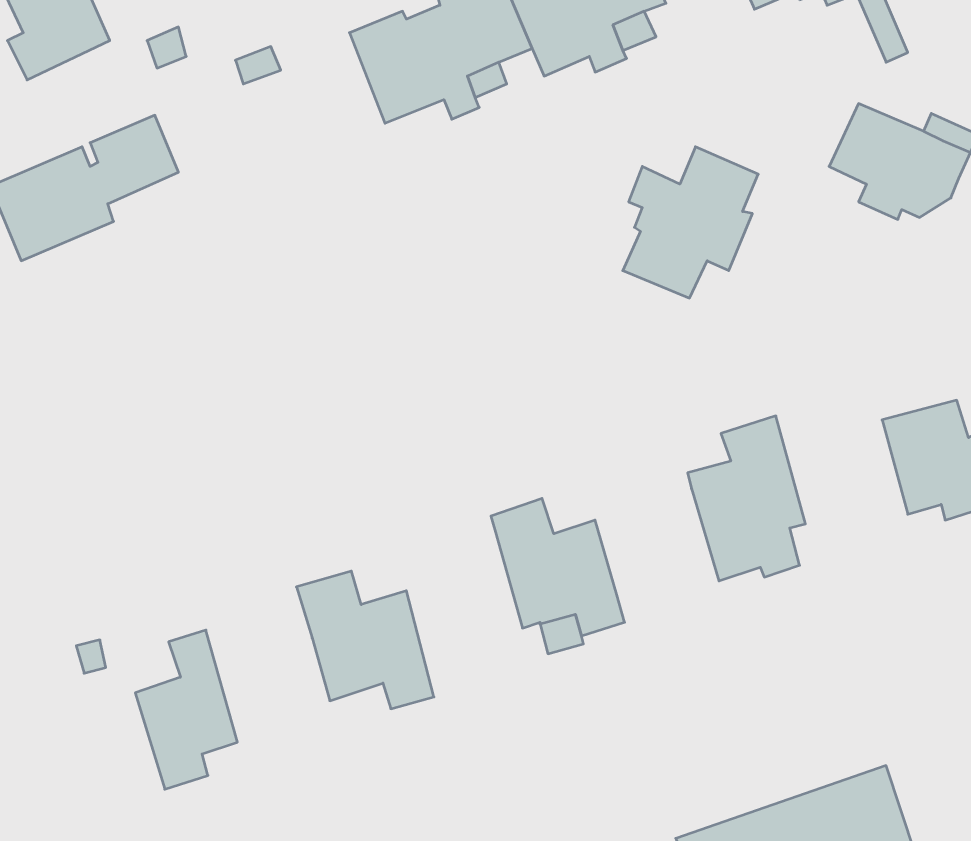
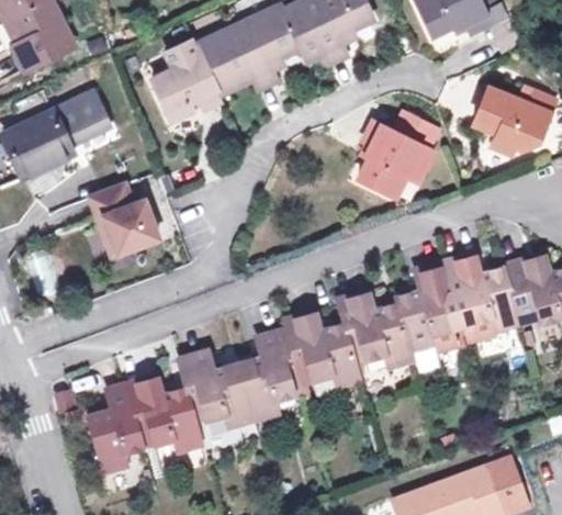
building: none -> [156,44,227,124]
building: none -> [94,186,157,257]
building: none -> [443,254,518,336]
building: none -> [336,289,413,367]
building: none -> [237,325,305,418]
building: none -> [125,372,201,448]

